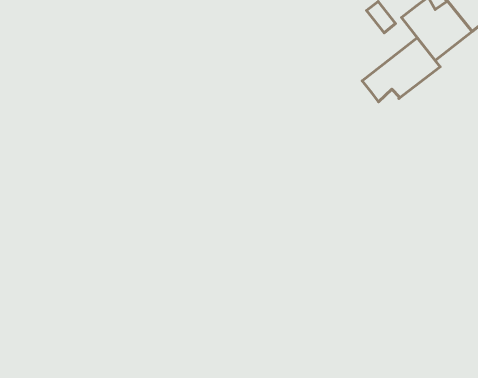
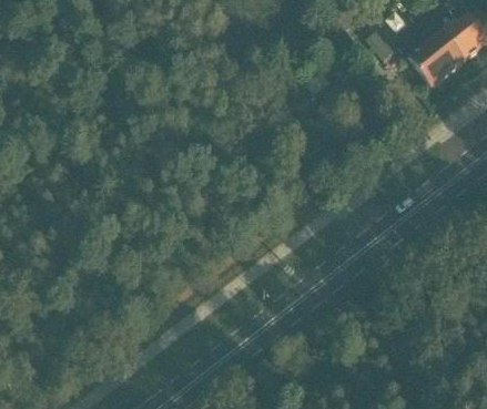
building: [362,38,440,102] -> none

